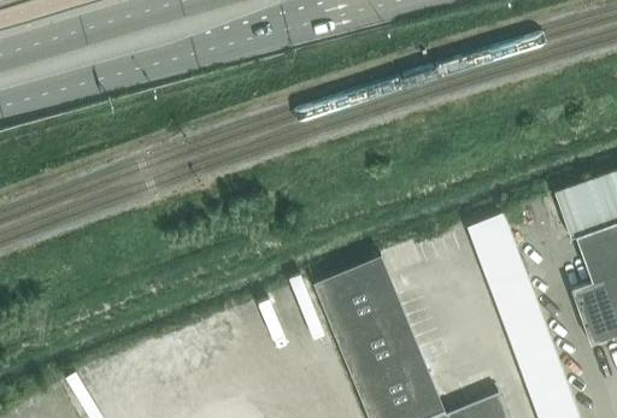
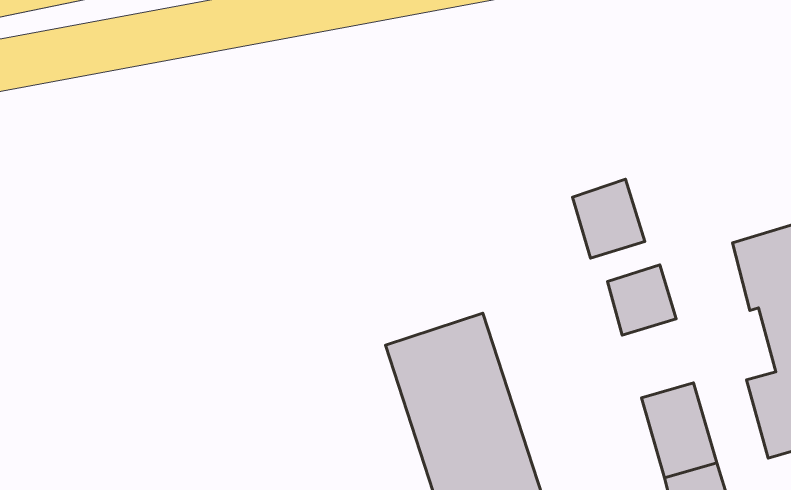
building: none -> [573,179,645,258]
building: [481,252,534,310] -> none

